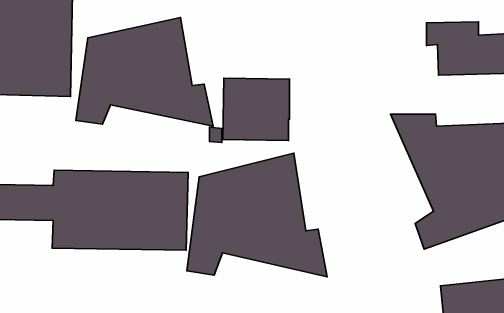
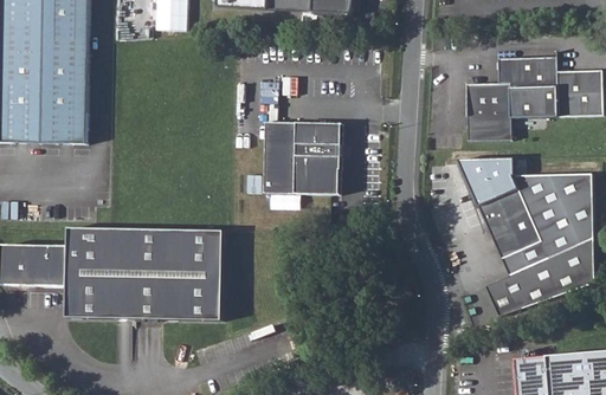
building: [76,17,213,126] -> none
building: none -> [468,82,512,141]
building: [187,153,327,277] -> none

